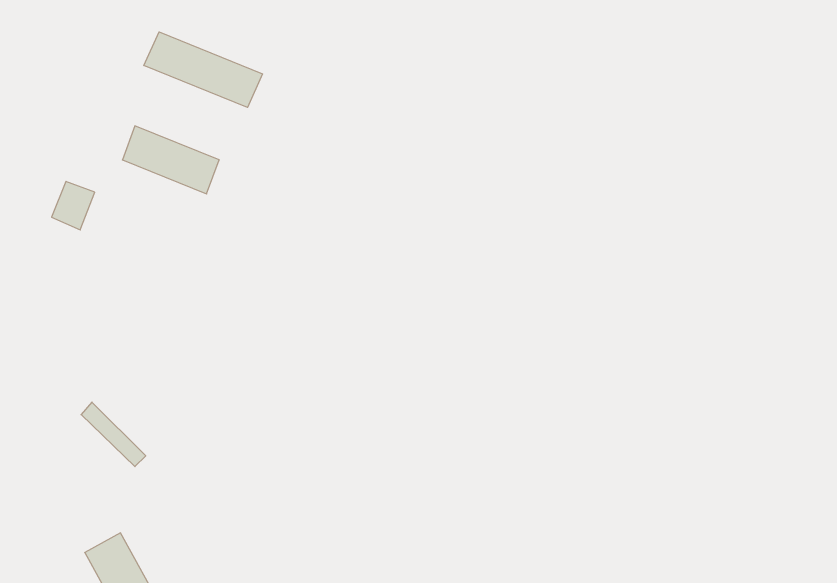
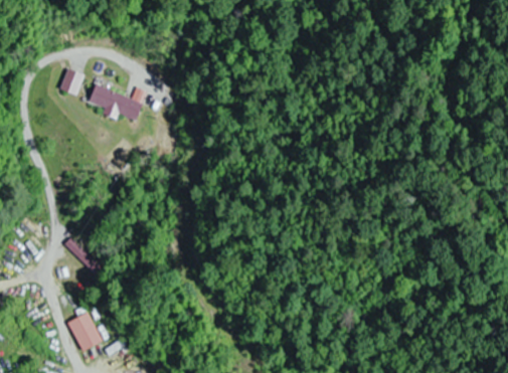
building: [144,32,263,107] -> none
building: [52,181,95,230] -> [60,67,84,95]

